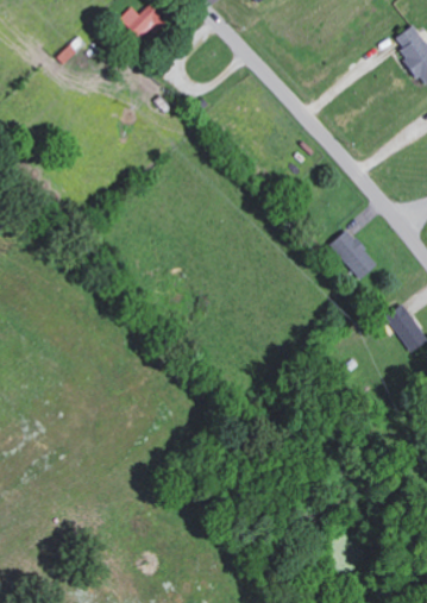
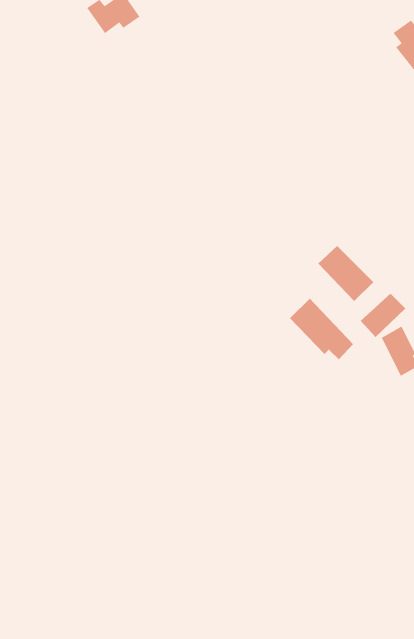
building: none -> [360,293,406,338]
building: none -> [289,298,354,360]

